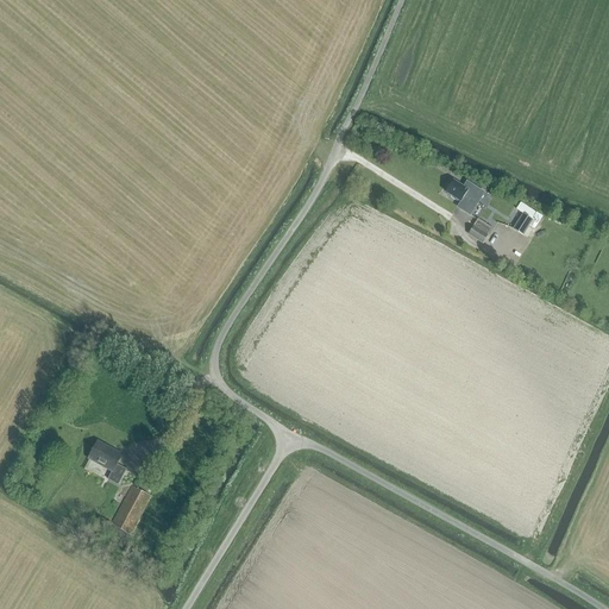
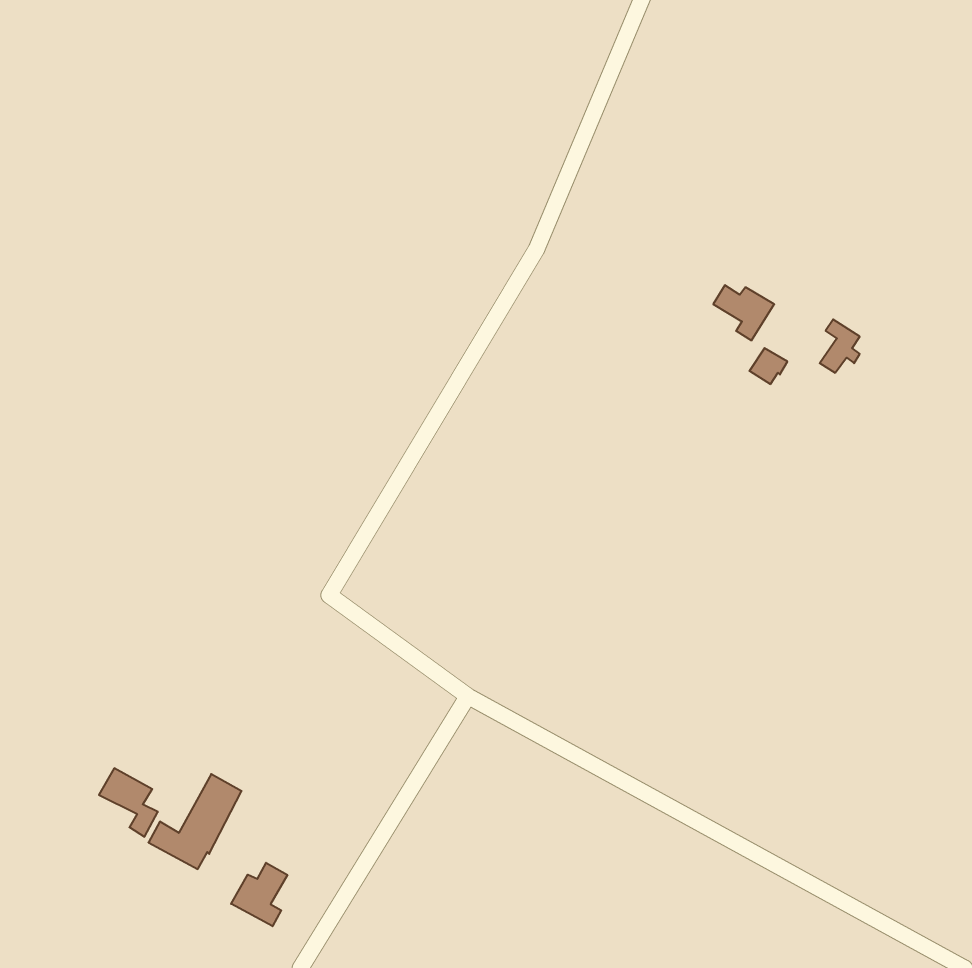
building: [88,440,125,483] -> [99,768,158,837]
building: none -> [231,863,287,926]

